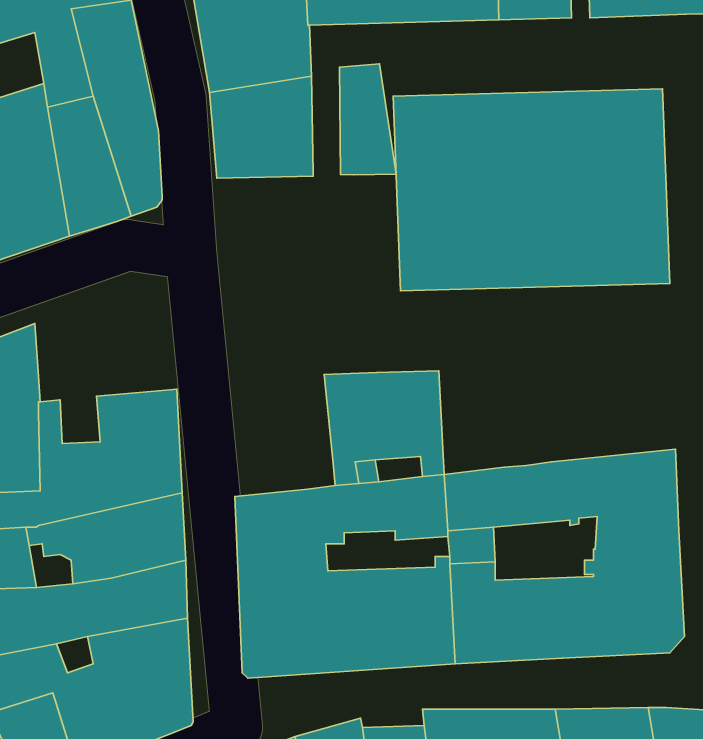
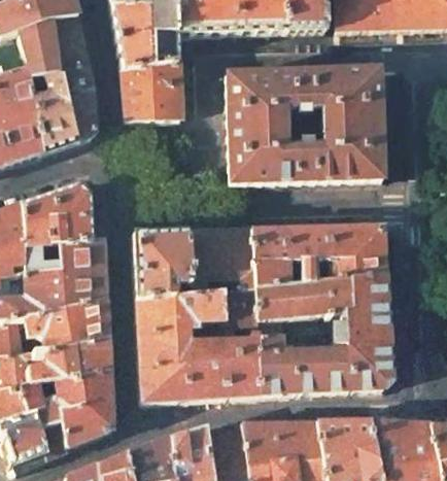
building: [340,64,396,175] -> none
building: none -> [24,183,94,246]
building: none -> [252,226,386,287]
building: none -> [134,231,193,300]

